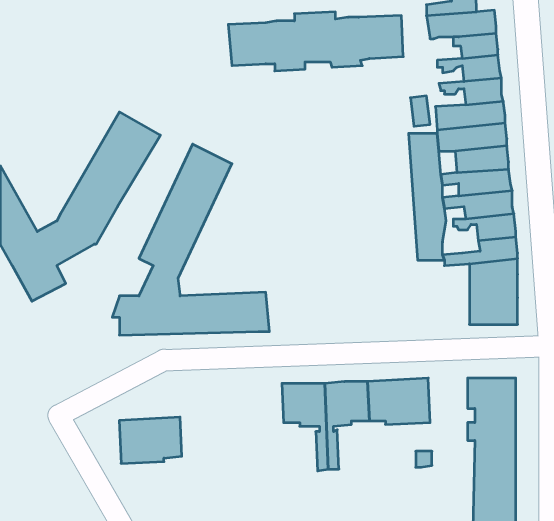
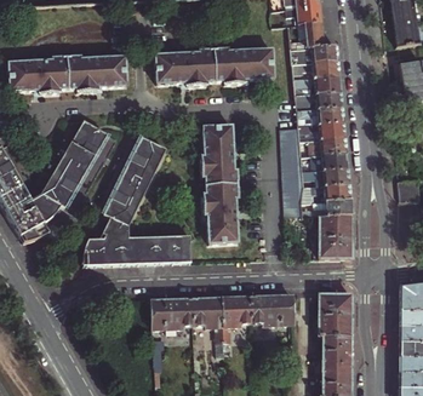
building: none -> [10,53,127,93]
building: none -> [202,124,239,242]
building: [119,417,182,463] -> [152,298,194,329]

